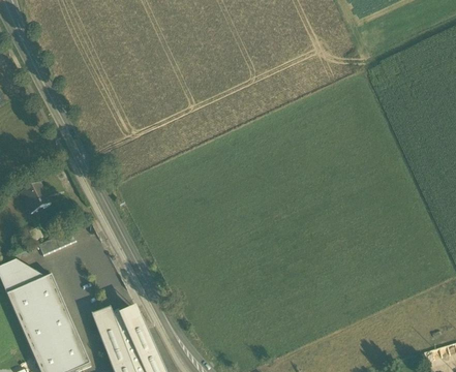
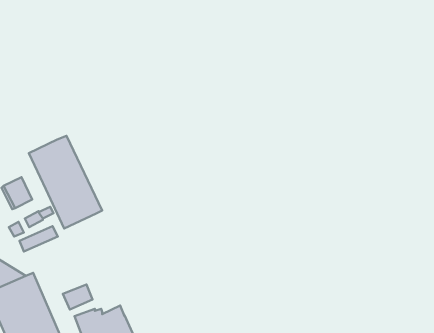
building: none -> [29,136,102,229]
building: none -> [63,285,93,309]

